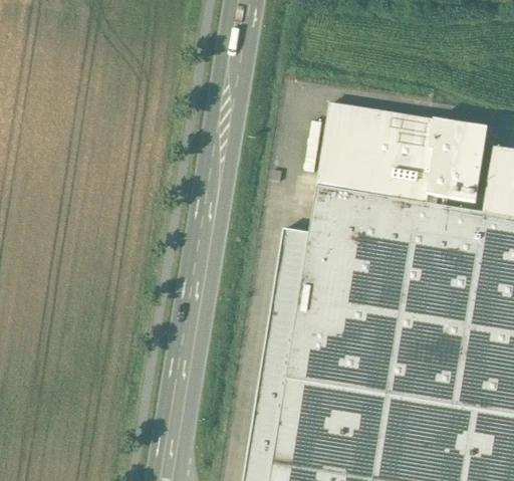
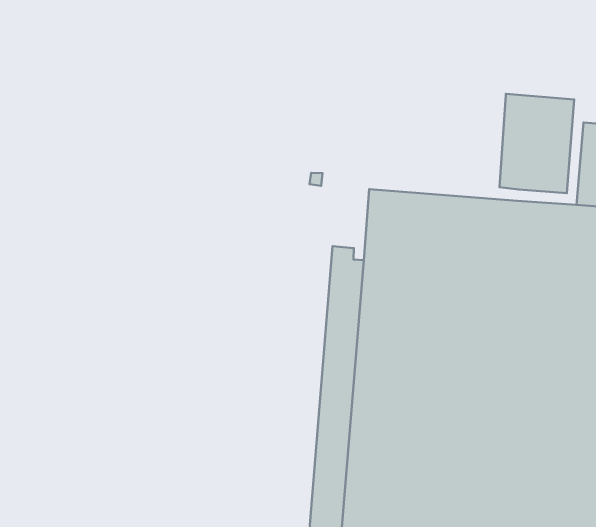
building: [318,103,439,206] -> none

